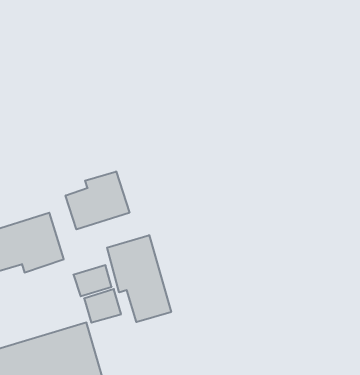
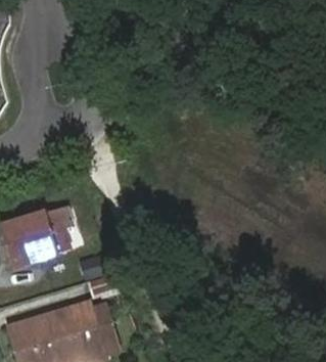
building: [66,171,129,229] -> none
building: [107,235,171,322] -> none

